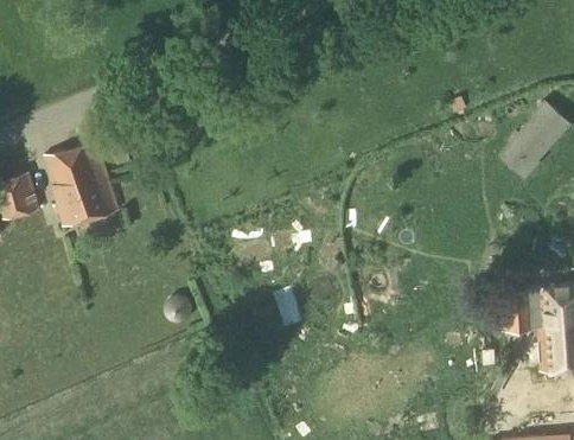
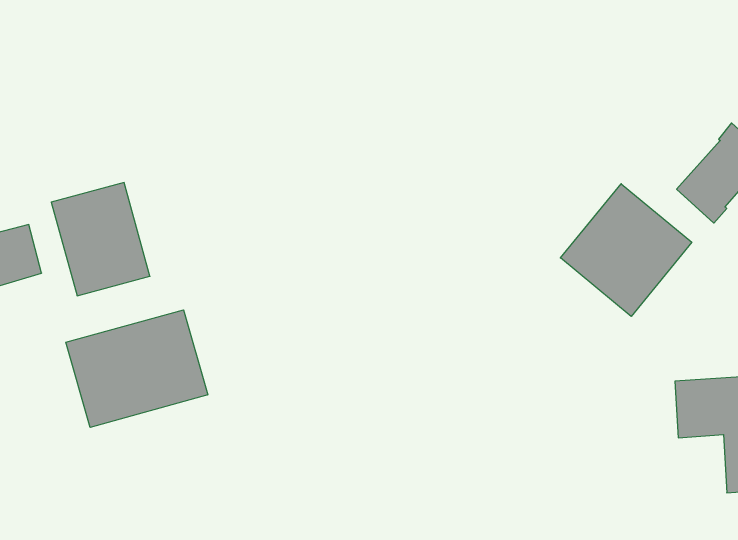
building: none -> [560,184,692,316]
building: none -> [66,310,208,427]

